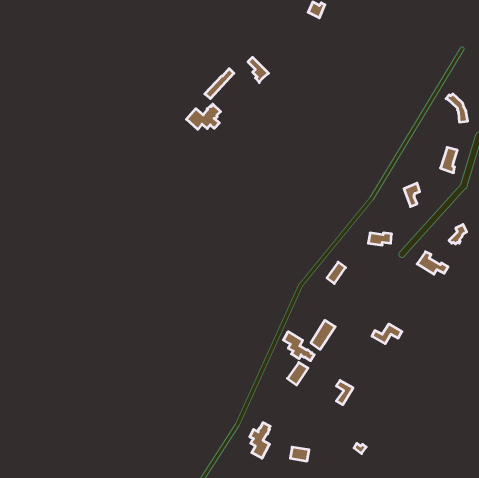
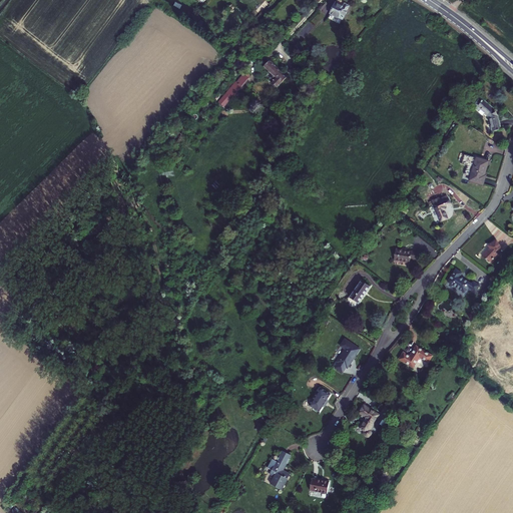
building: [186,104,221,129] -> none
building: [283,332,314,361] -> none

